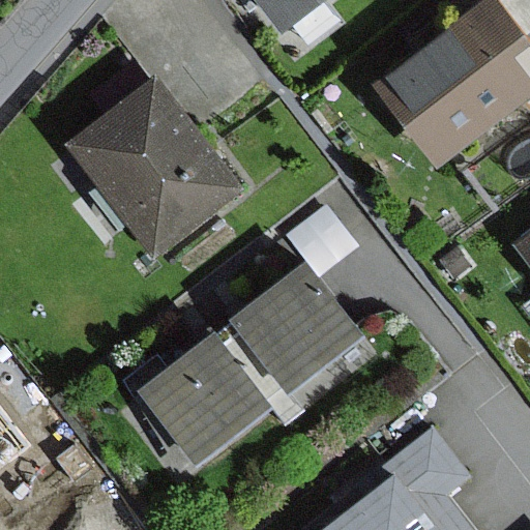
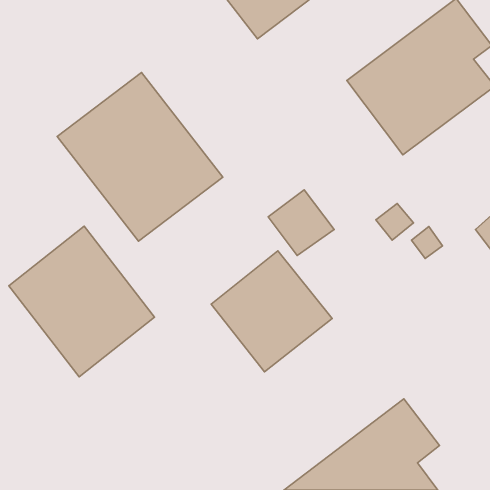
building: none -> [9,226,155,377]
building: [136,334,271,470] -> none

